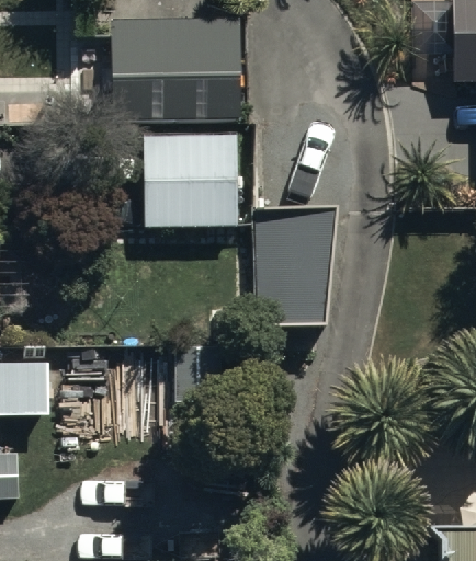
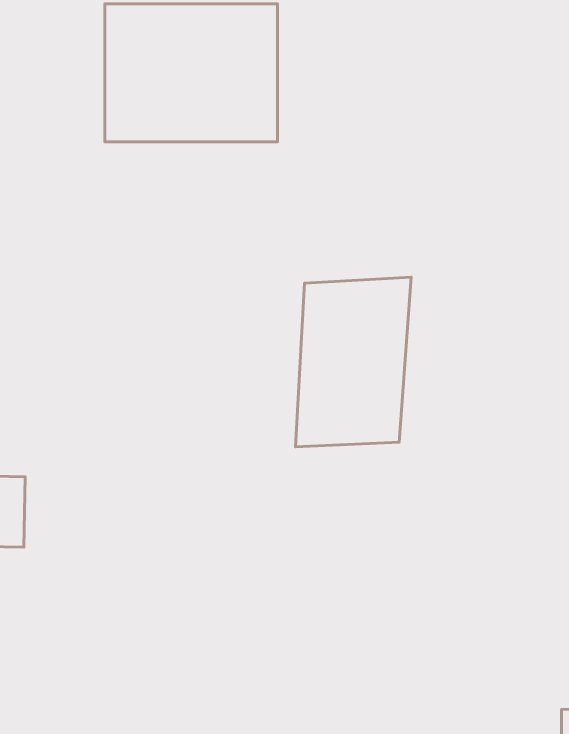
building: [144,134,238,225] -> none

